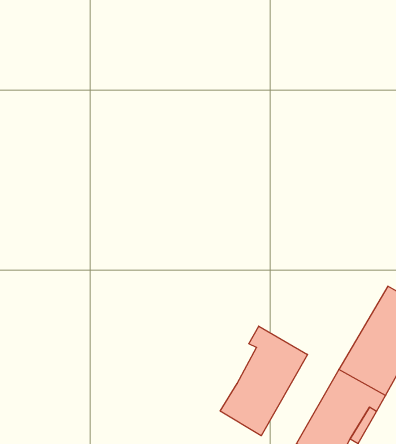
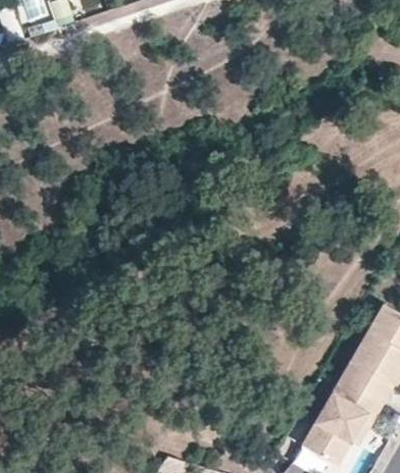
building: [220,326,308,436] -> none

